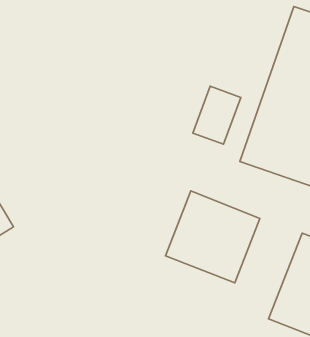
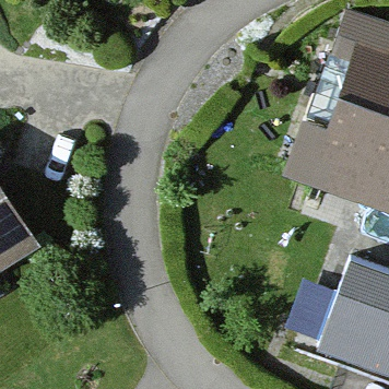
building: [165,191,260,283] -> none

